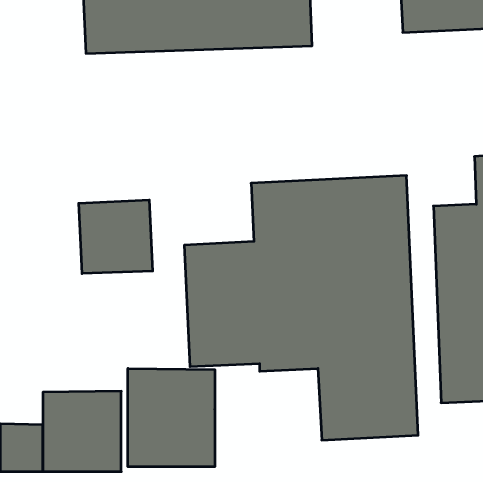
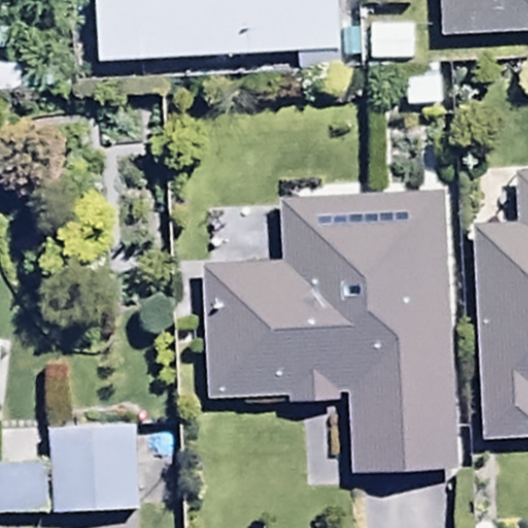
building: [79,200,153,274] -> none
building: [128,368,215,467] -> none

